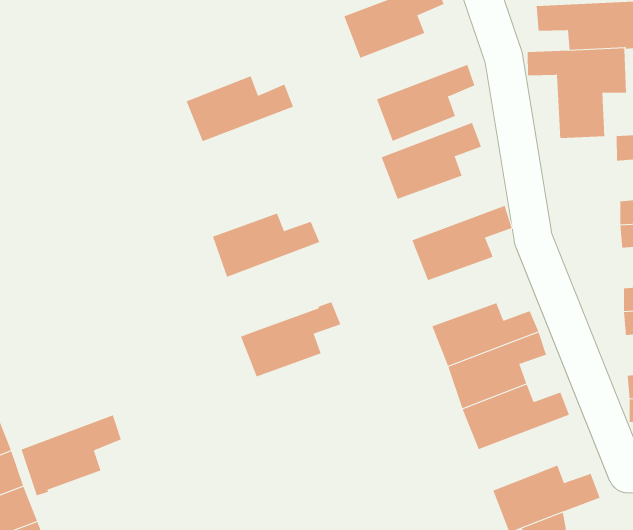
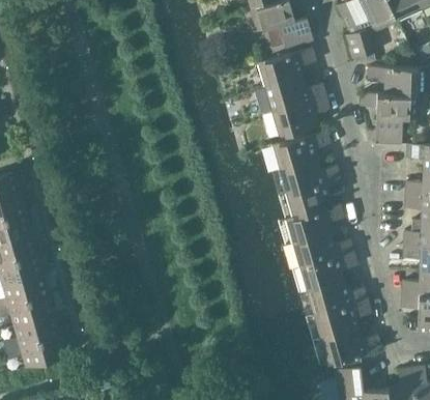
building: [186,76,294,142] -> [265,76,326,111]
building: [212,213,320,277] -> [280,159,341,193]
building: [240,302,341,377] -> [286,203,344,242]
building: [21,415,122,496] -> none
building: none -> [314,299,371,339]

